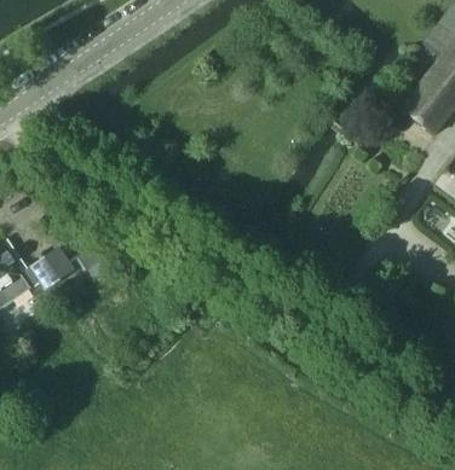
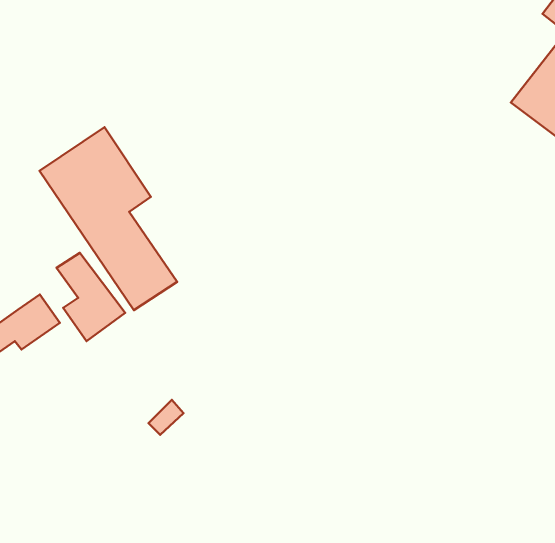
building: none -> [39,127,177,310]

